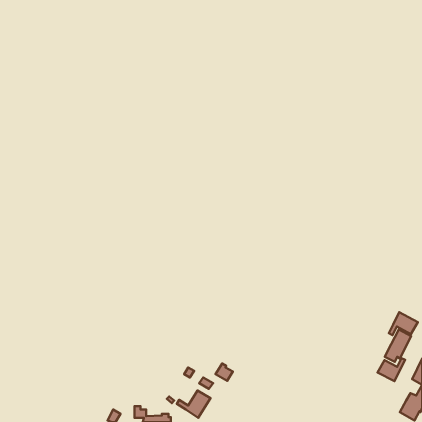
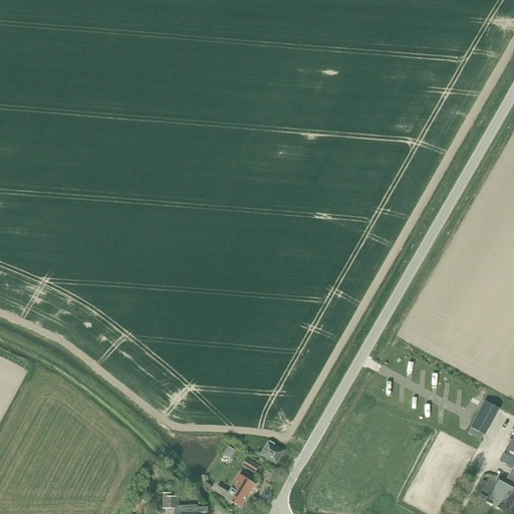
building: [389,312,418,335] -> none
building: [377,358,405,381] -> none

